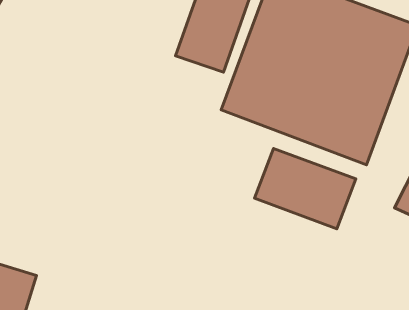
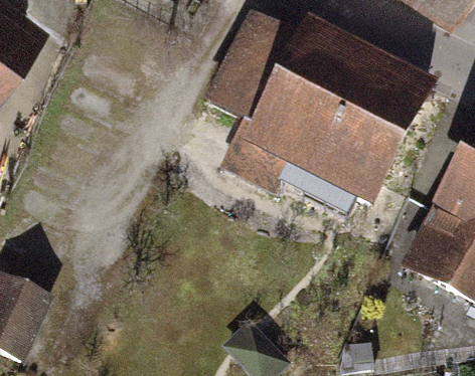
building: [255,148,356,229] -> none

